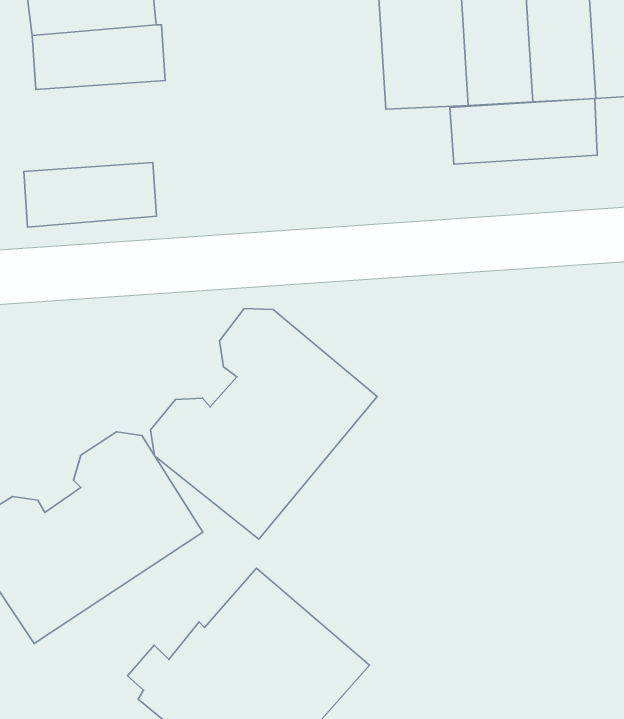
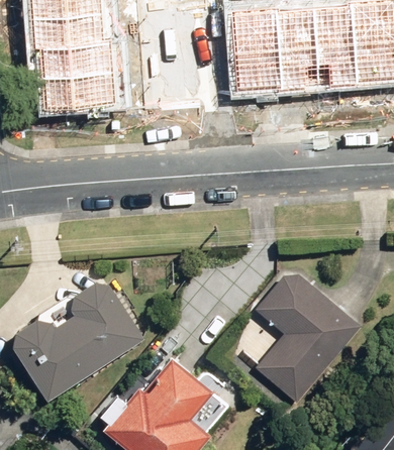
building: [450,98,597,164] -> none
building: [24,162,157,227] -> [44,80,119,116]
building: [151,309,377,539] -> none
building: none -> [256,272,360,401]

